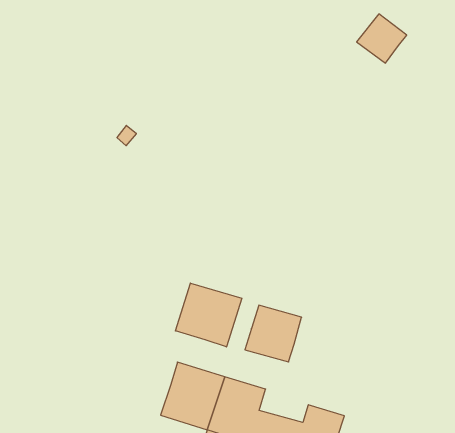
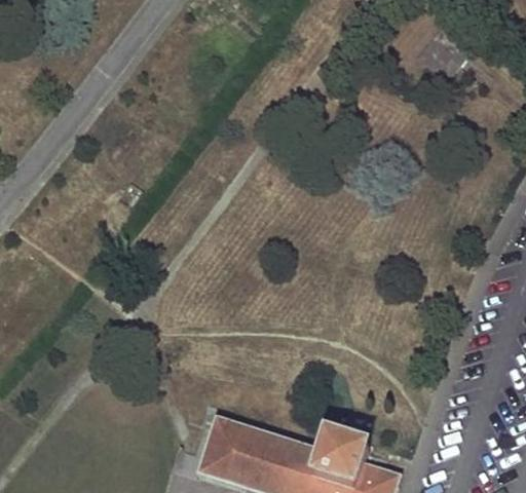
building: [175,283,242,347] -> none
building: [245,305,302,362] -> [306,418,369,481]

